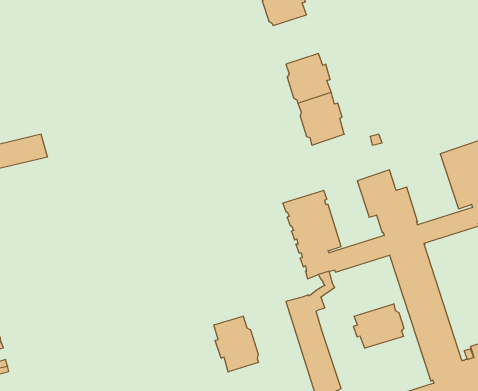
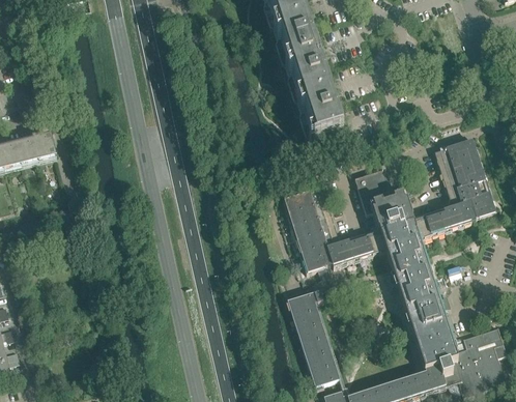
building: none -> [274,17,317,64]
building: [354,304,404,348] -> none
building: [214,316,258,372] -> none

